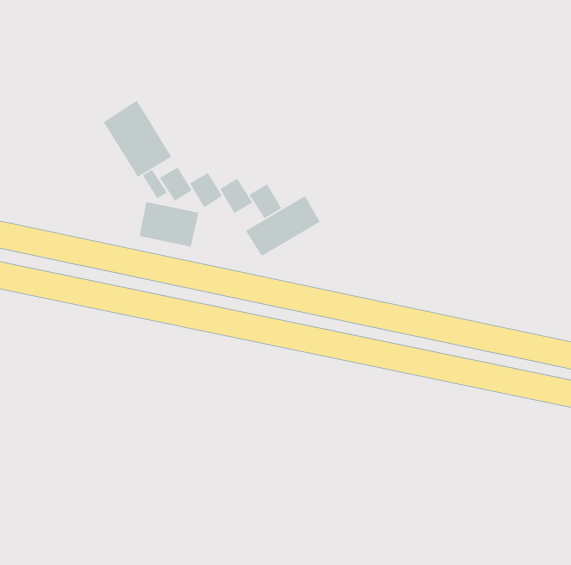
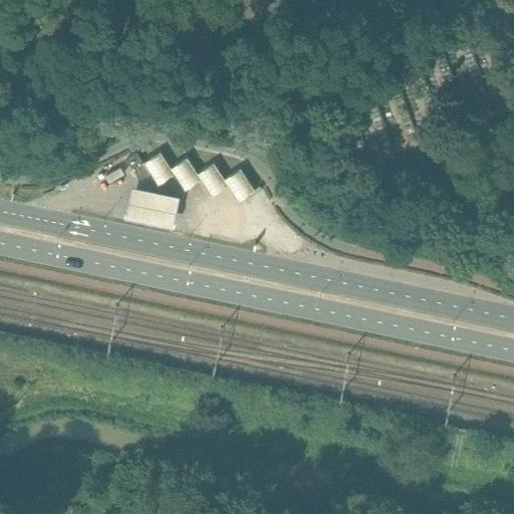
building: [103,100,172,178] -> none
building: [245,195,321,257] -> none

